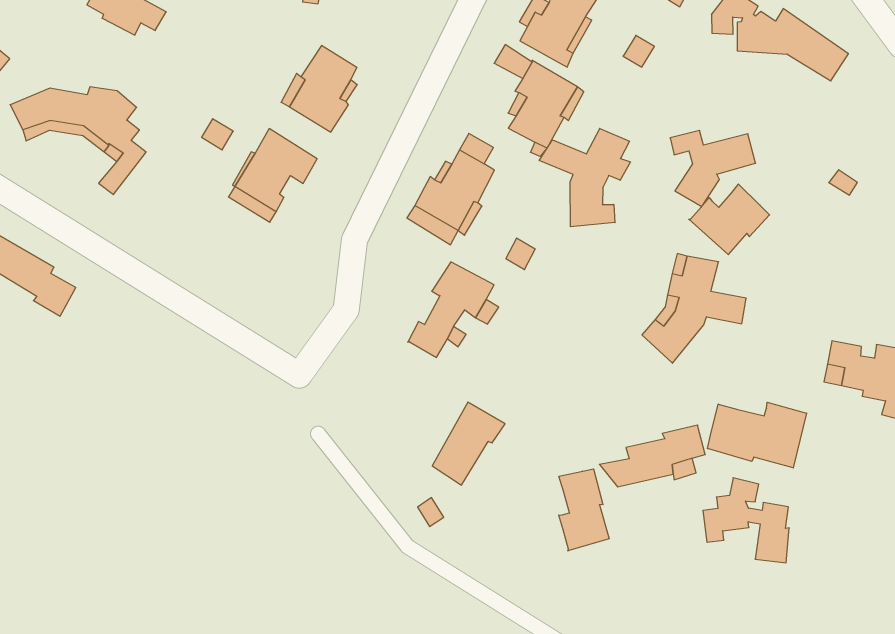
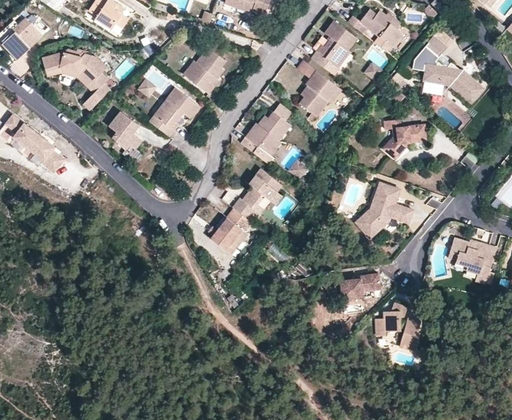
building: [539,128,630,227] -> none
building: [689,184,770,255] -> none
building: none -> [109,111,142,147]
building: [432,402,505,485] -> [211,208,252,251]
building: [707,402,807,468] -> none
building: [559,469,609,551] -> none

